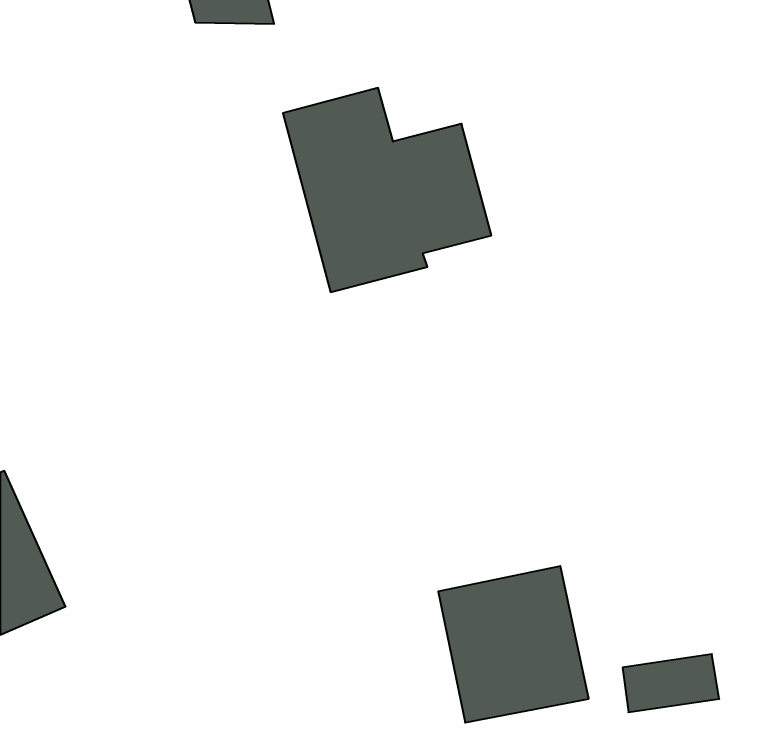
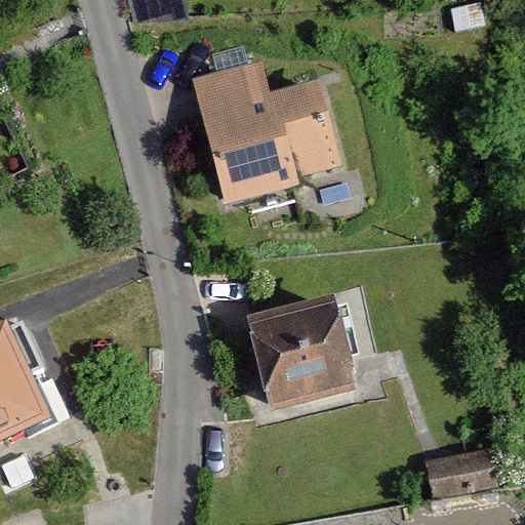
building: [438,566,589,723] -> [249,298,353,406]

